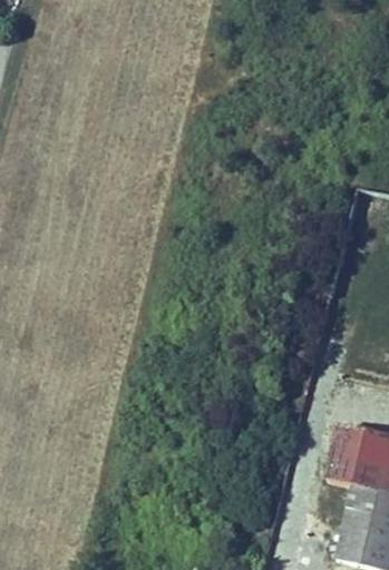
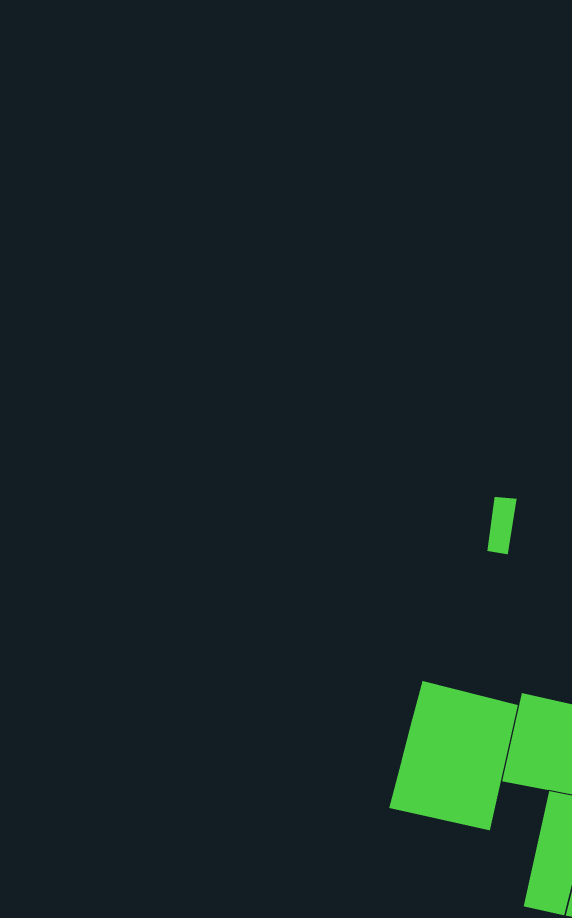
building: none -> [389,680,518,831]

